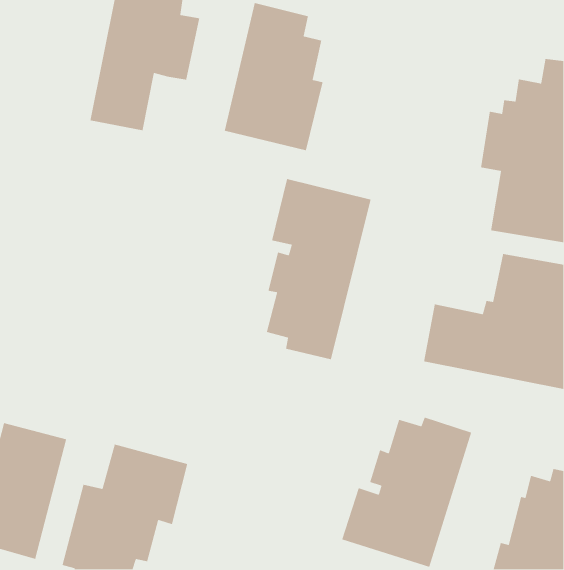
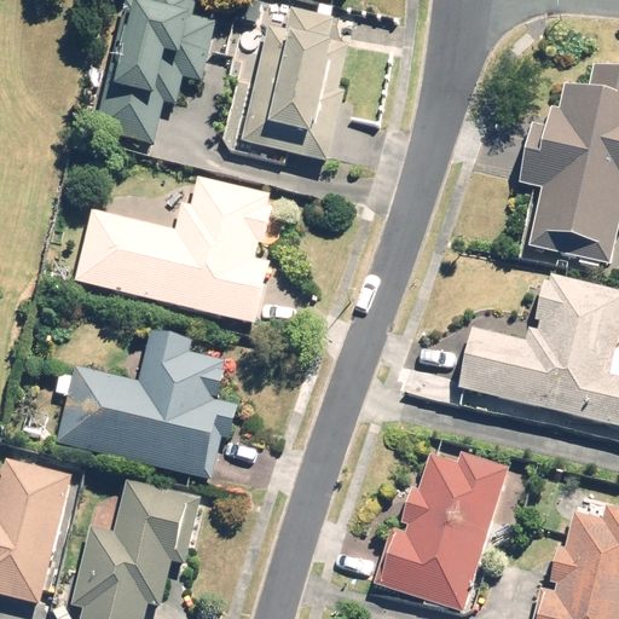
building: none -> [76,179,279,326]
building: [266,178,372,360] -> none
building: none -> [52,326,243,478]

